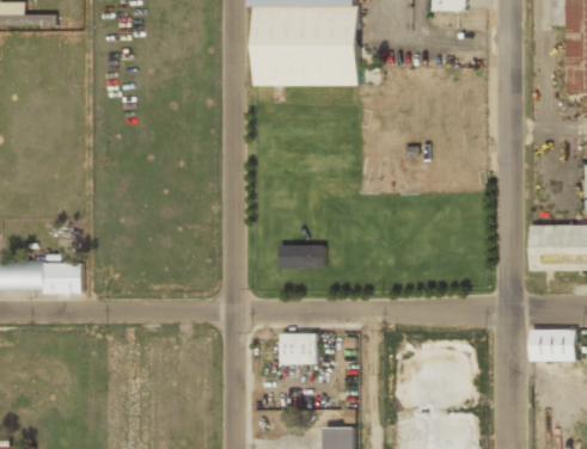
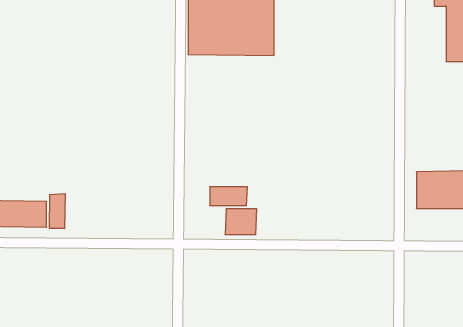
building: none -> [49,194,65,229]
building: [527,331,575,363] -> none
building: [279,333,317,364] -> [225,209,257,235]

